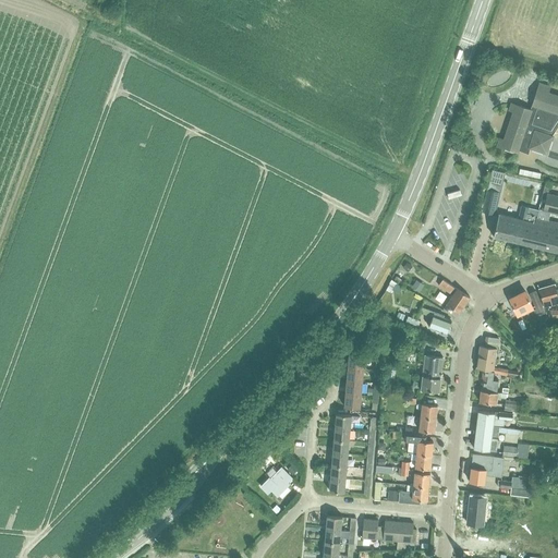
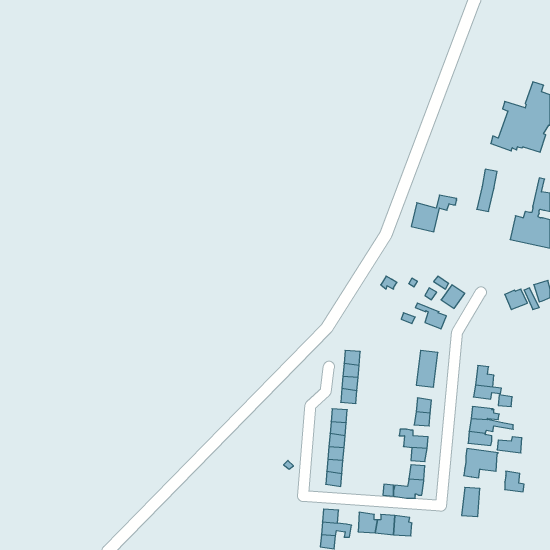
building: [493,206,538,243] -> [411,195,457,232]
building: [476,337,508,376] -> none
building: [260,468,291,496] -> none

